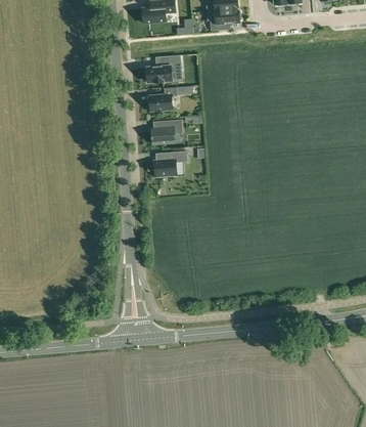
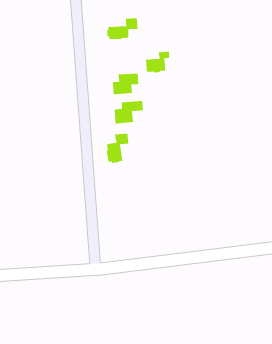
building: [149,86,177,111] -> [145,51,170,73]
building: none -> [106,133,129,164]

